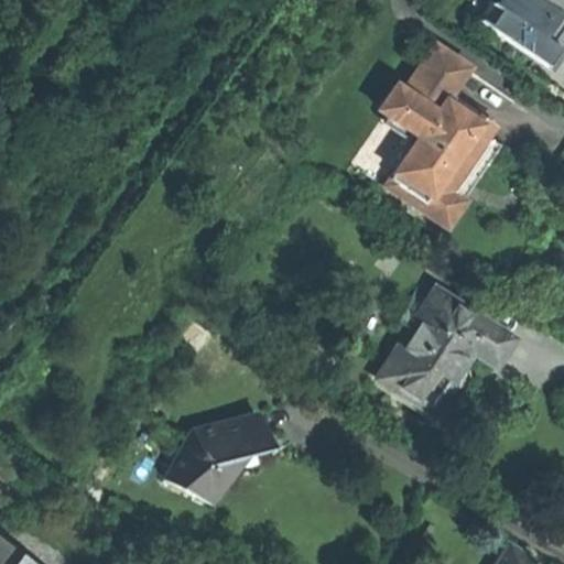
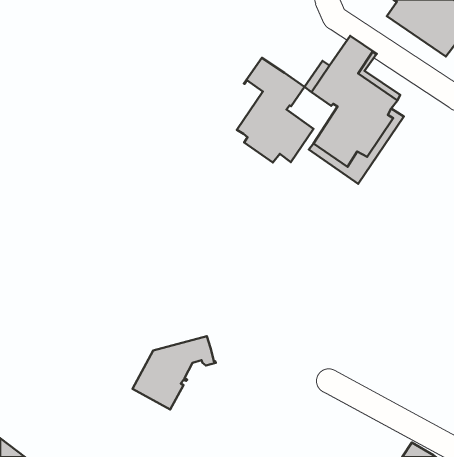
building: none -> [237,58,314,162]
building: [379,288,511,409] -> none

